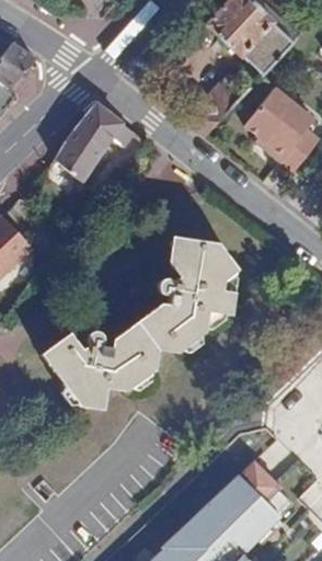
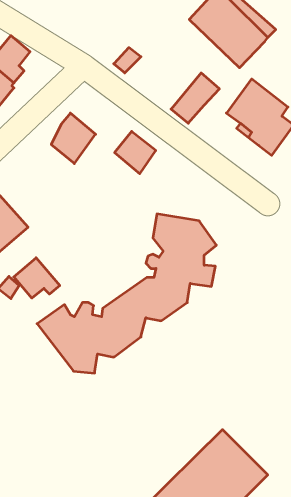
building: [78,103,123,149] -> [115,131,156,174]
building: none -> [14,258,60,298]

